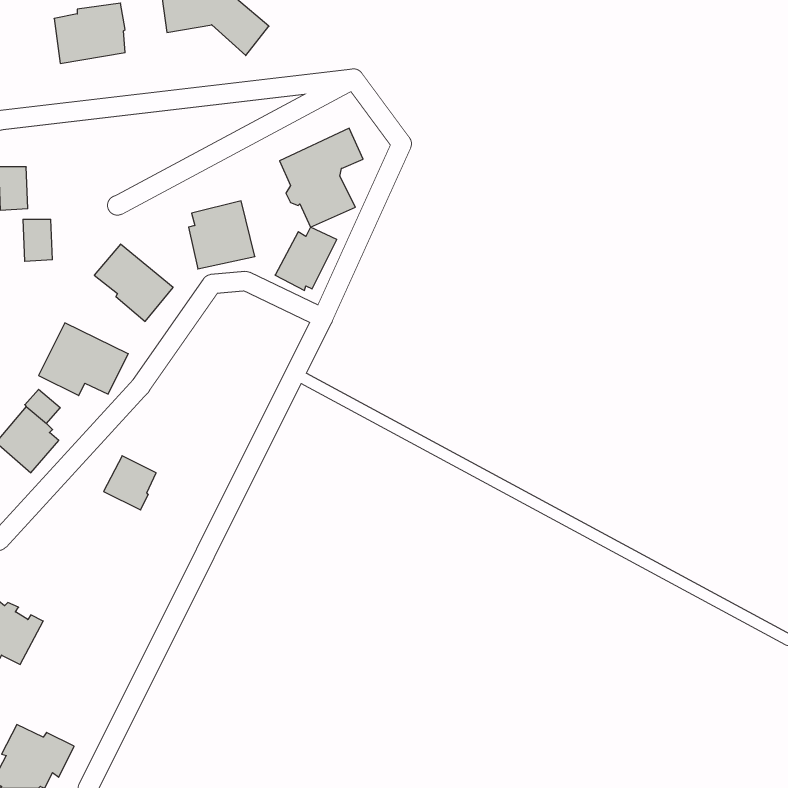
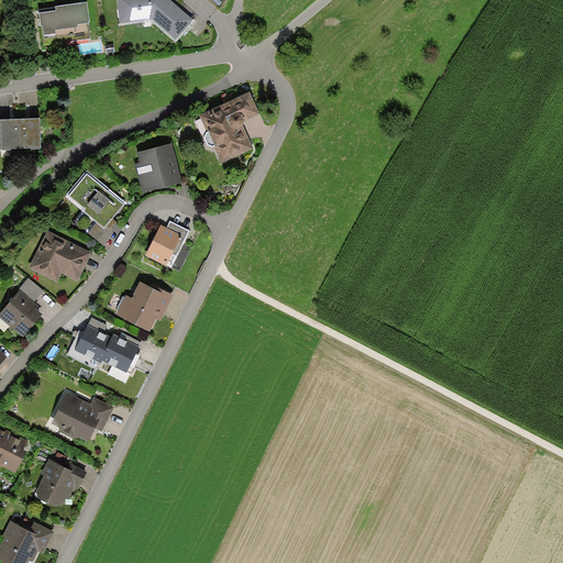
building: [23,219,52,261] -> [19,119,40,148]
building: [275,227,337,290] -> [144,221,188,266]
building: none -> [115,282,173,331]
building: none -> [101,333,139,372]
building: none -> [51,391,113,442]
building: none -> [35,459,86,506]

